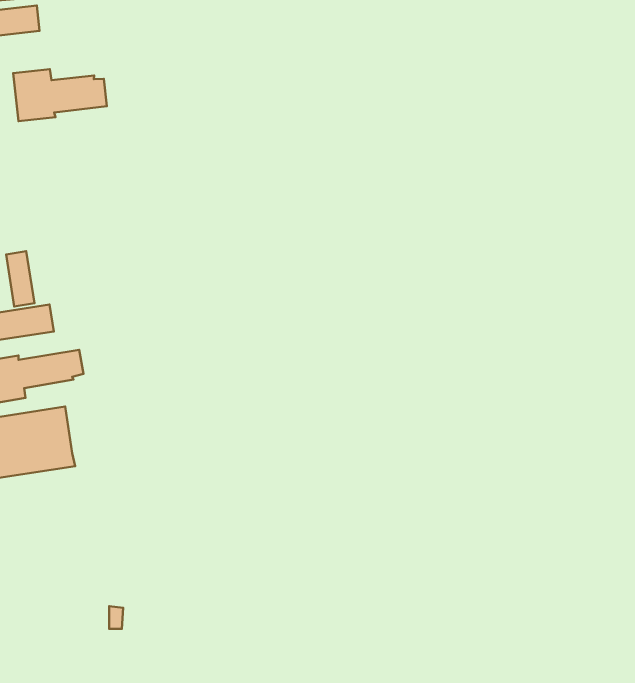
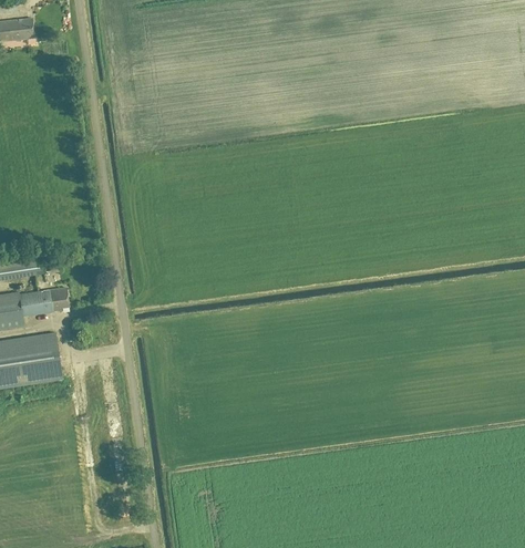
building: [13,69,107,121] -> none
building: [6,251,34,306] -> none

